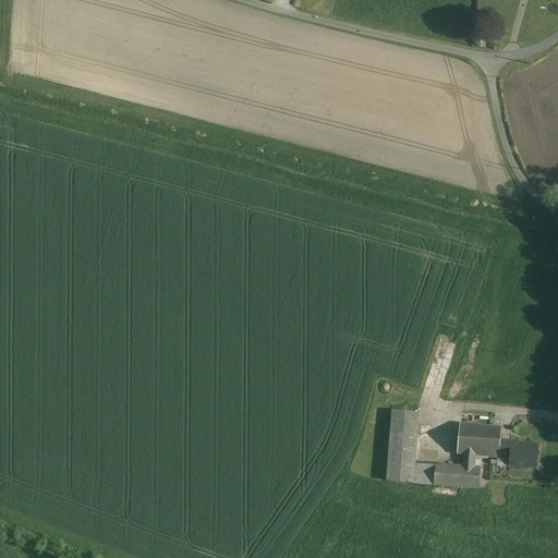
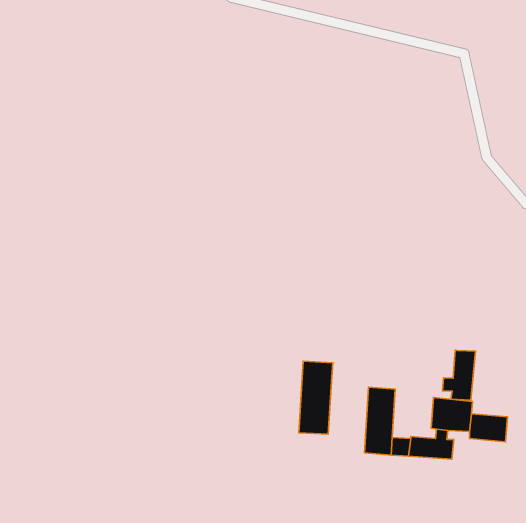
building: none -> [443,350,475,400]
building: none -> [299,361,333,434]

